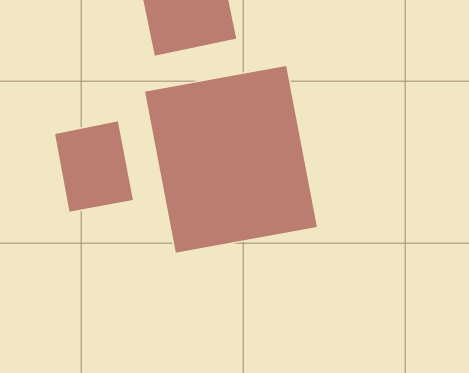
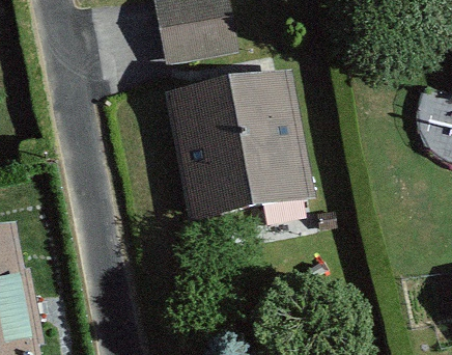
building: [54,120,134,213] -> none

